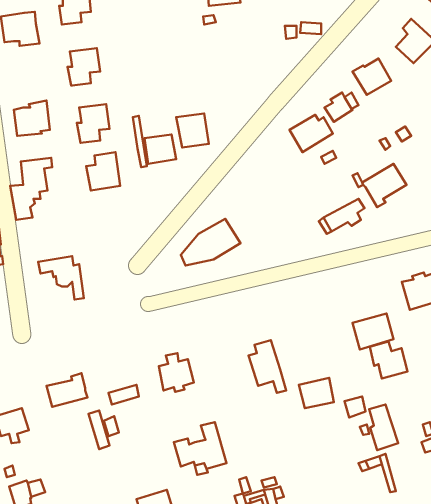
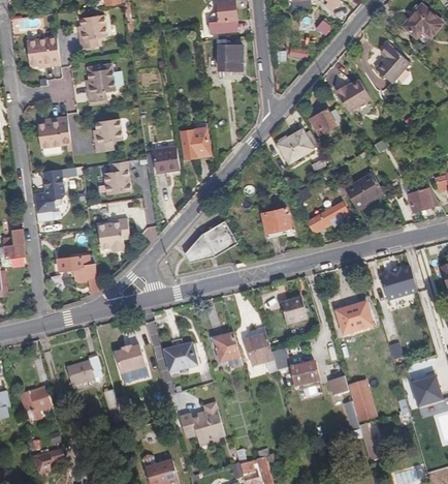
building: none -> [219,44,243,70]
building: none -> [261,208,290,233]
building: none -> [98,218,130,252]
building: none -> [281,298,308,325]
building: [370,341,408,379] -> none
building: none -> [214,334,241,363]
building: none -> [115,349,146,374]

